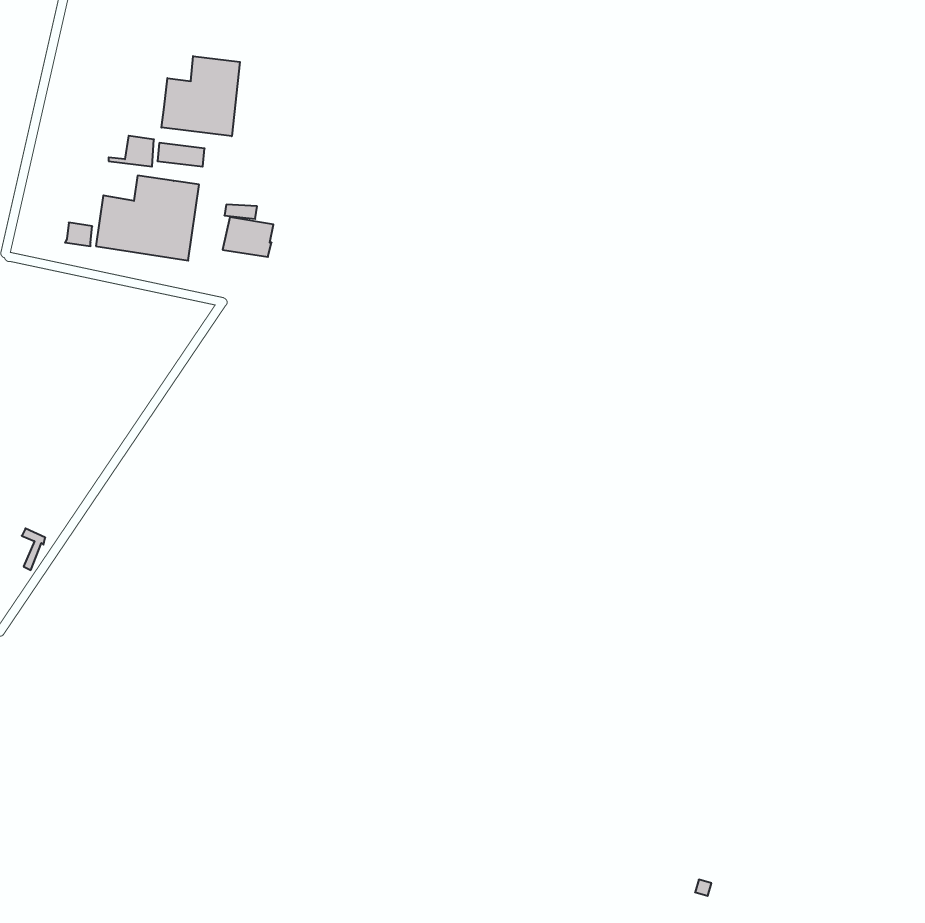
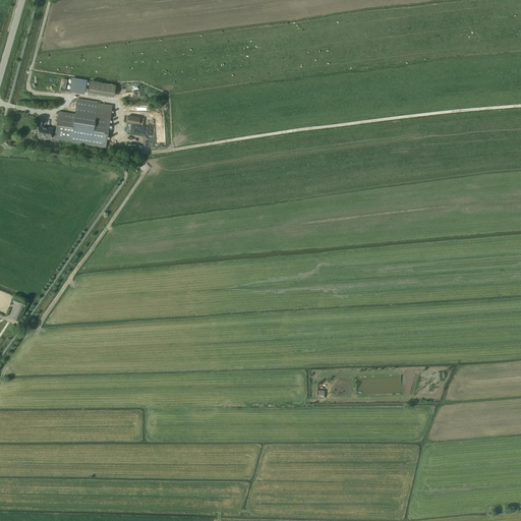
building: [161,56,240,136] -> none

